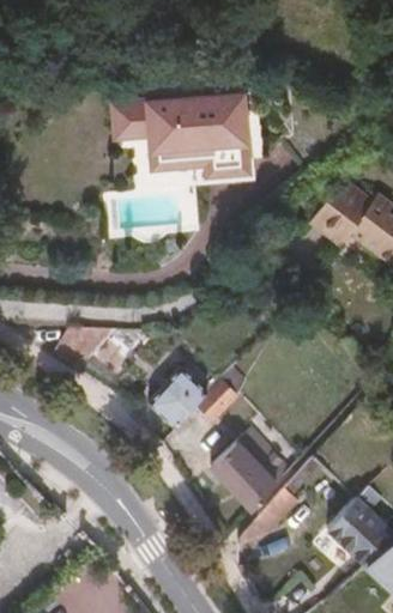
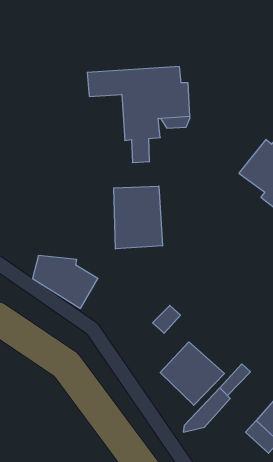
building: none -> [114,186,162,249]
building: [149,371,206,431] -> none

